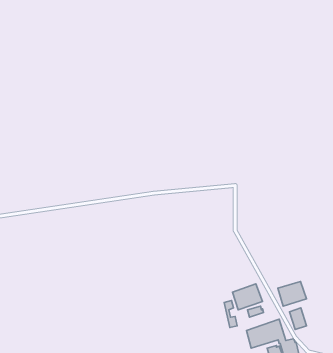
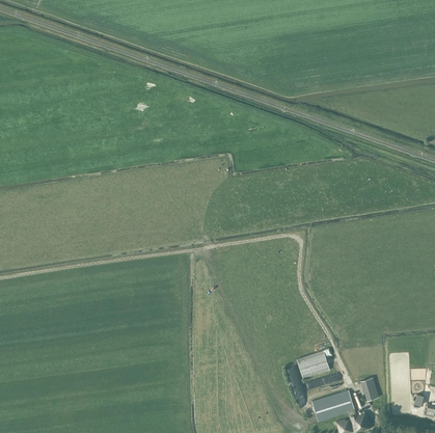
building: [278,281,307,306] -> none

